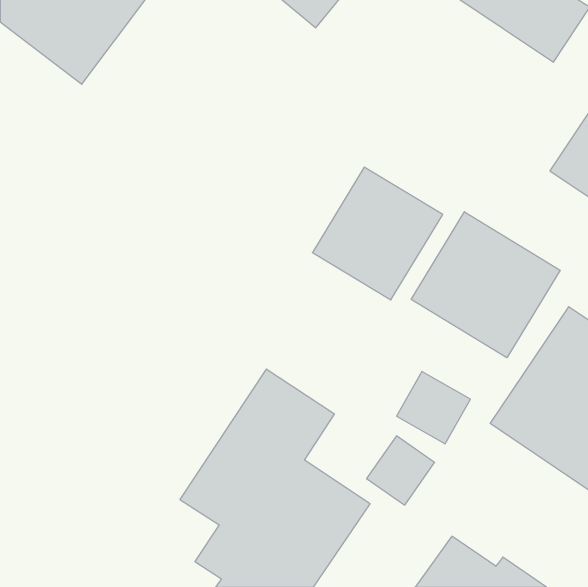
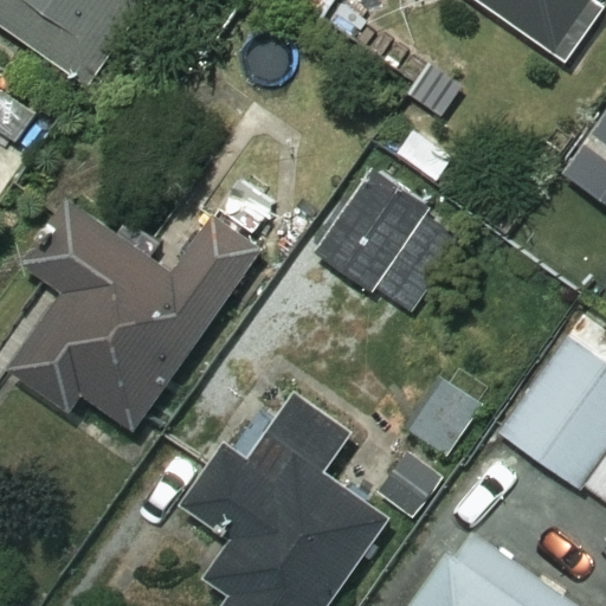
building: none -> [12,211,257,428]
building: [411,212,560,358] -> none

